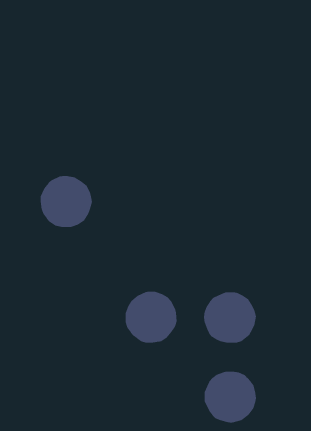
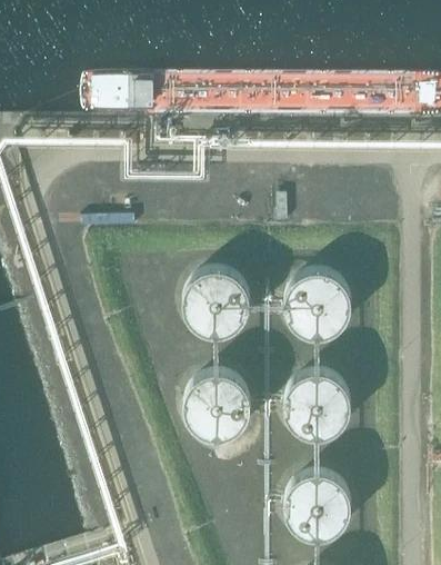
building: [40,175,93,228] -> [182,270,249,337]
building: none -> [283,271,350,338]

